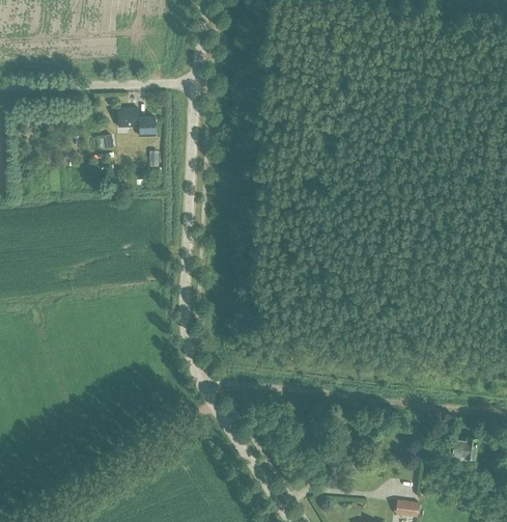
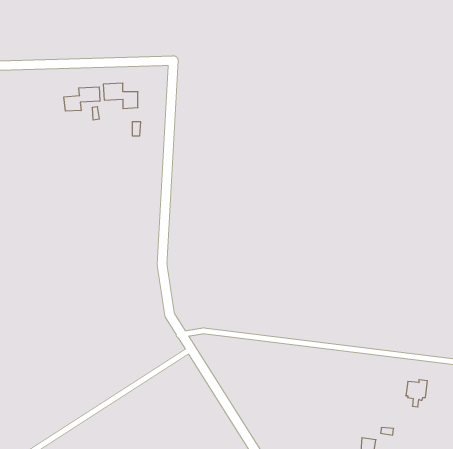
building: none -> [64,87,100,111]

